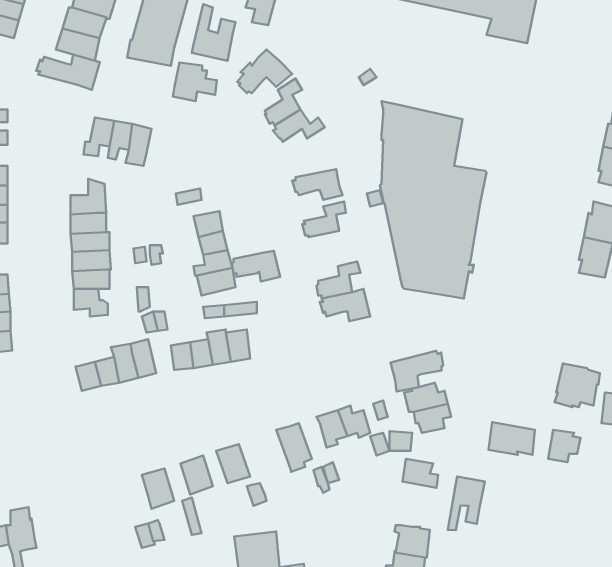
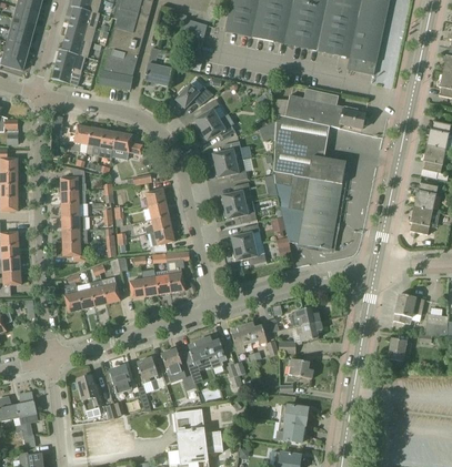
building: [36,55,100,90] -> none
building: [173,62,217,101] -> [112,132,142,159]
building: none -> [285,94,368,128]
building: none -> [211,141,243,165]
building: [232,251,280,282] -> [223,201,257,222]
building: [391,351,443,392] -> none
building: [488,422,535,455] -> none
building: none -> [185,338,211,370]
building: [448,476,485,530] -> none
building: none -> [78,375,102,410]

